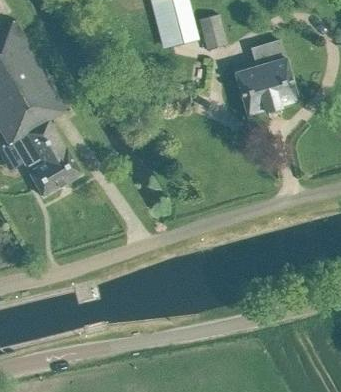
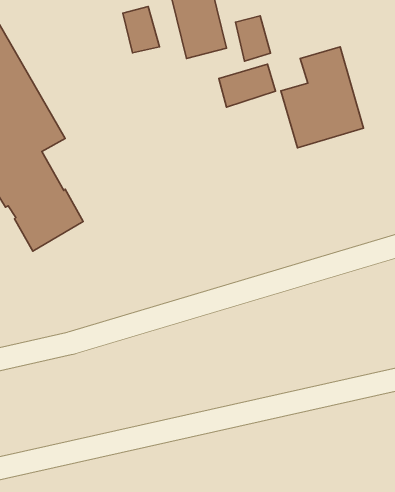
building: none -> [123,7,160,53]
building: none -> [219,64,276,107]

